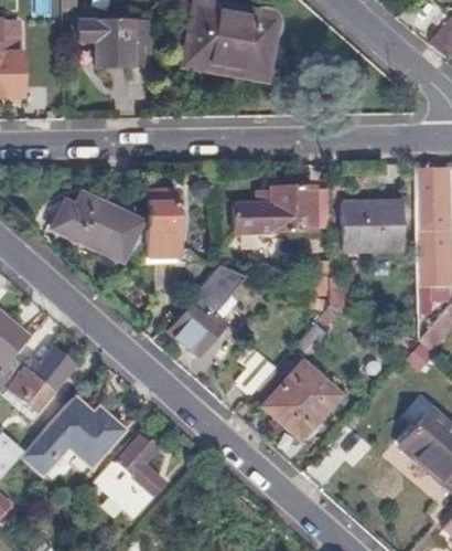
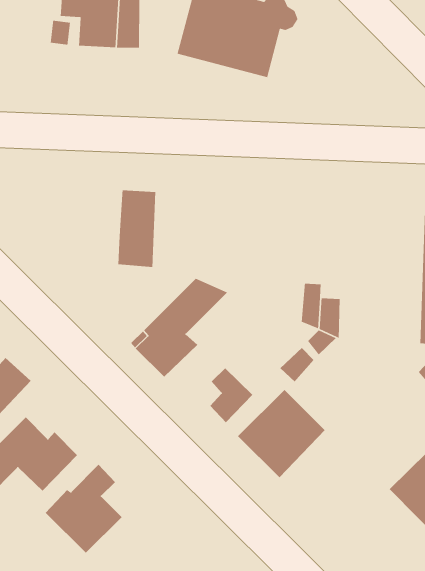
building: [234,187,315,232] -> none
building: [53,189,147,263] -> none
building: [345,200,403,250] -> none

